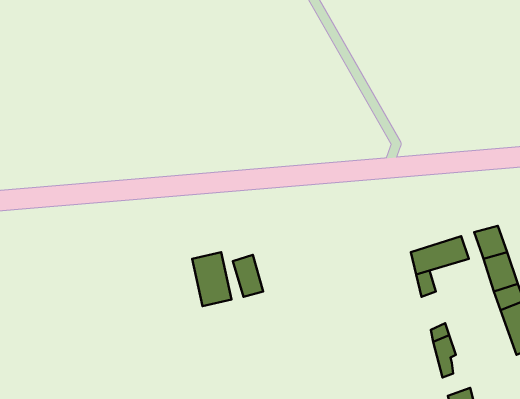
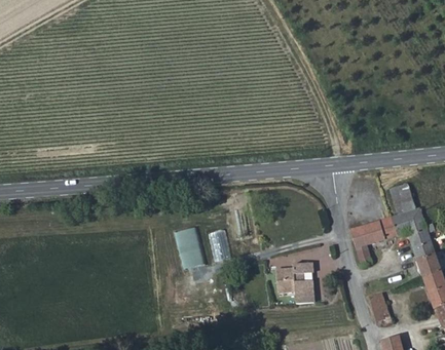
building: none -> [390,184,415,234]
building: none -> [275,260,314,303]

